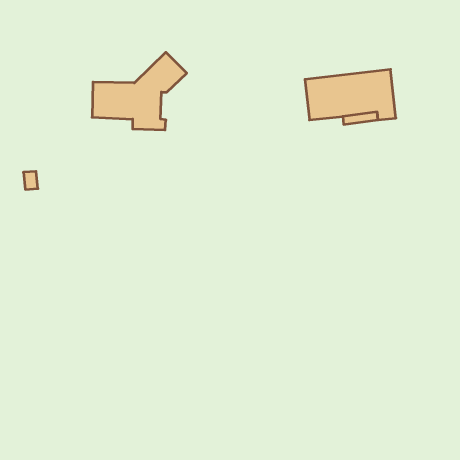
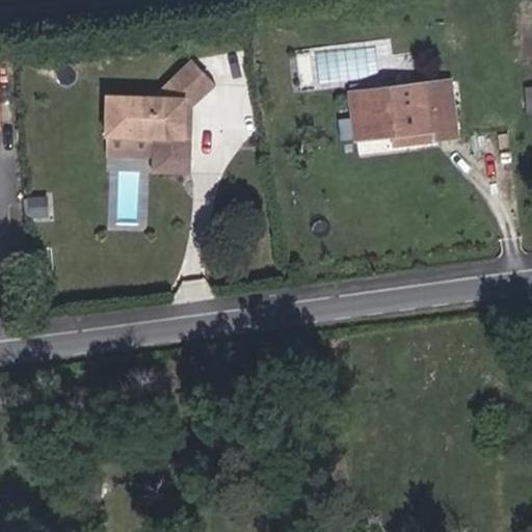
building: none -> [105,135,190,172]

